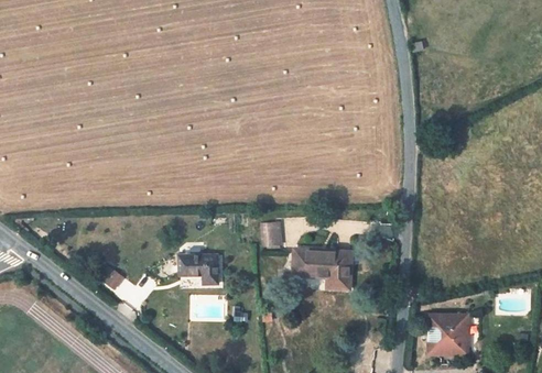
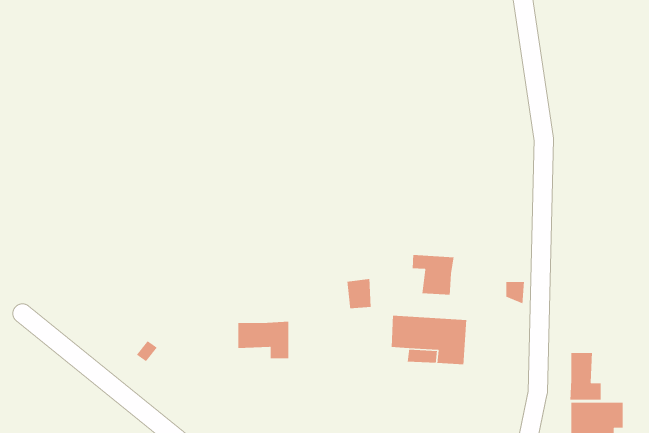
building: none -> [412,254,455,296]
building: none -> [569,352,601,401]

